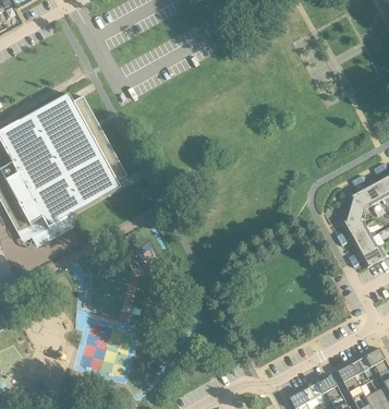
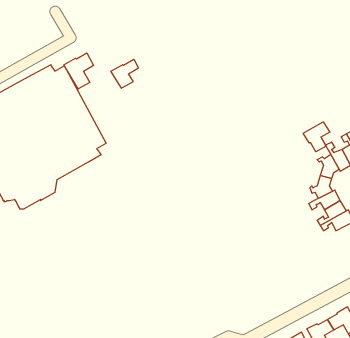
building: none -> [64,53,94,89]
building: none -> [111,59,139,88]
building: none -> [303,122,330,152]

